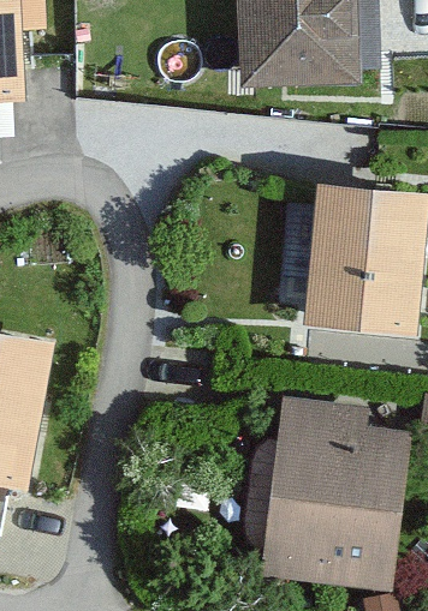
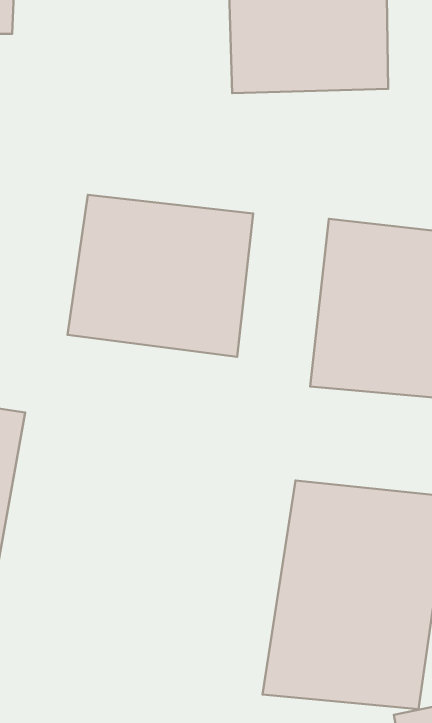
building: none -> [67,195,253,357]

